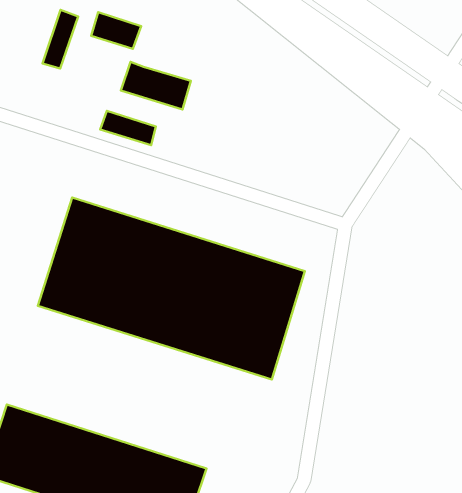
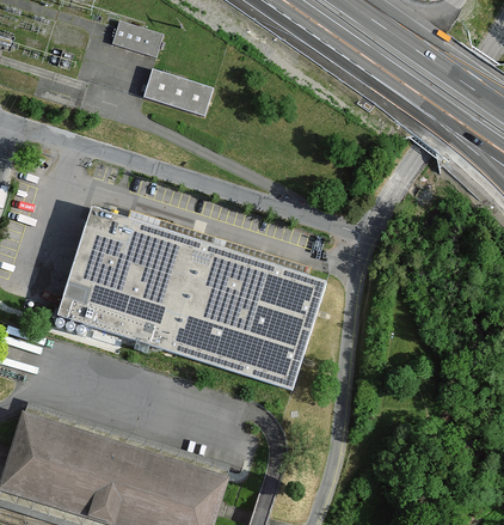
building: [43,10,78,69] -> none
building: [100,111,156,145] -> none

